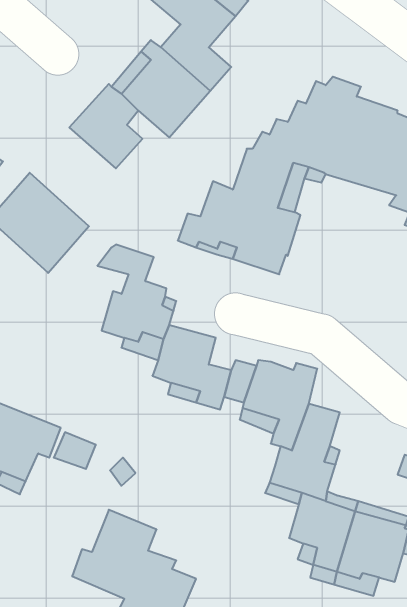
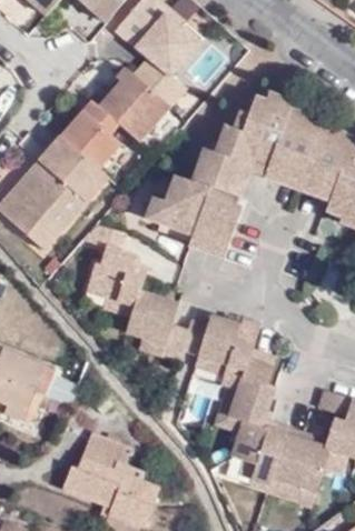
building: none -> [29,133,108,211]

